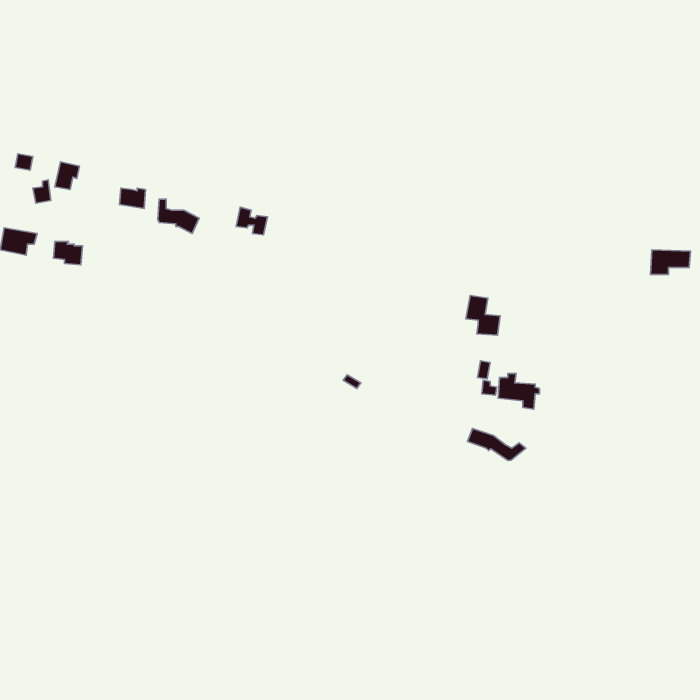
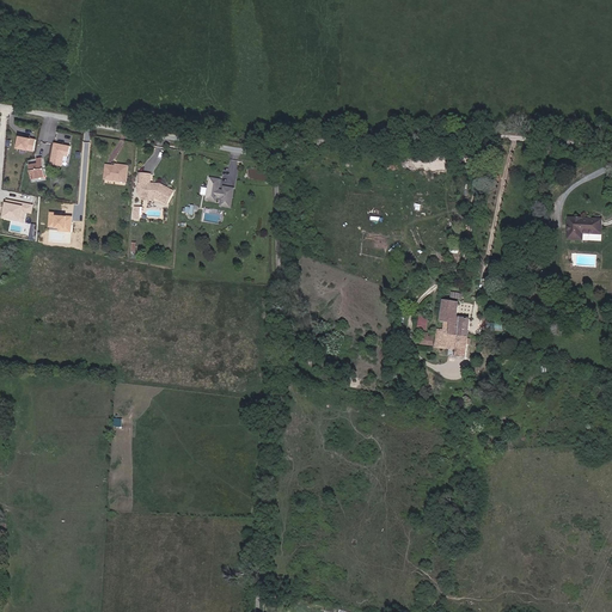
building: [466,295,500,335] -> [439,300,469,335]
building: [467,428,526,461] -> none

